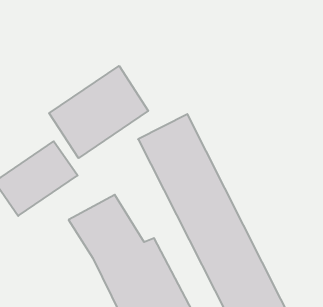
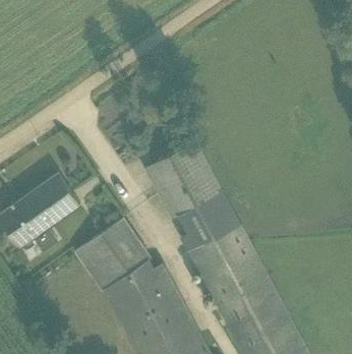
building: [49,66,148,158] -> none

